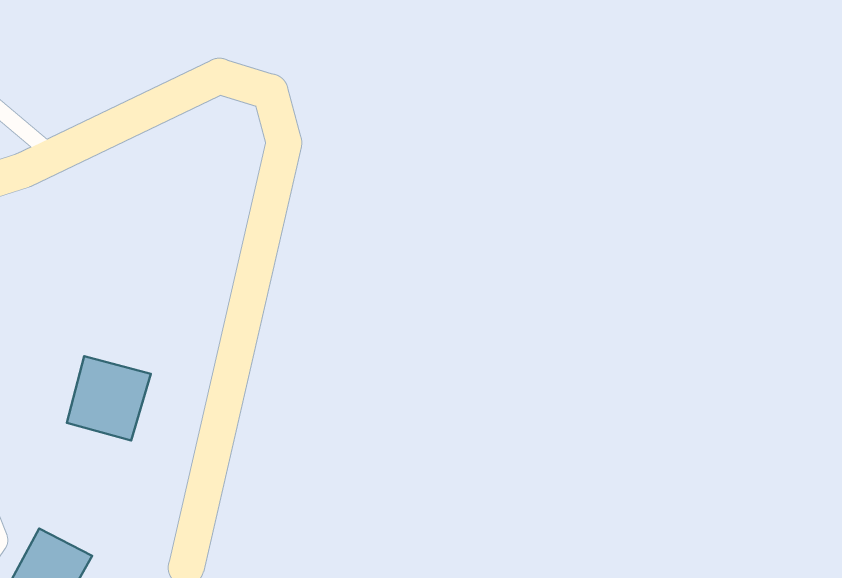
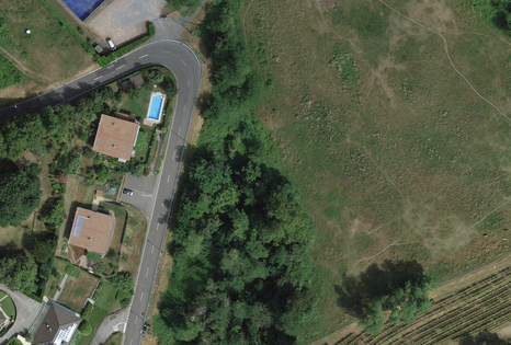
building: none -> [92,114,139,160]

